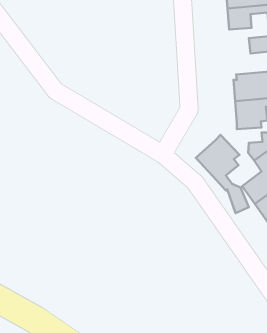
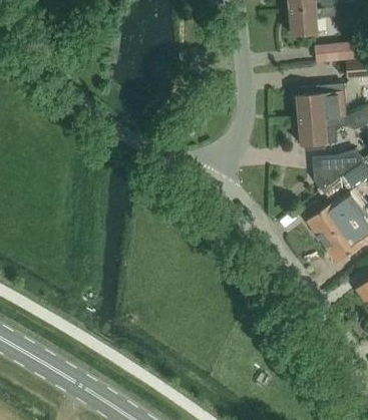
building: [196,135,249,213] -> none

